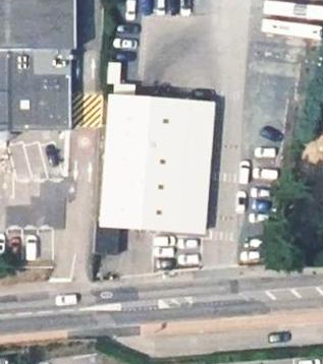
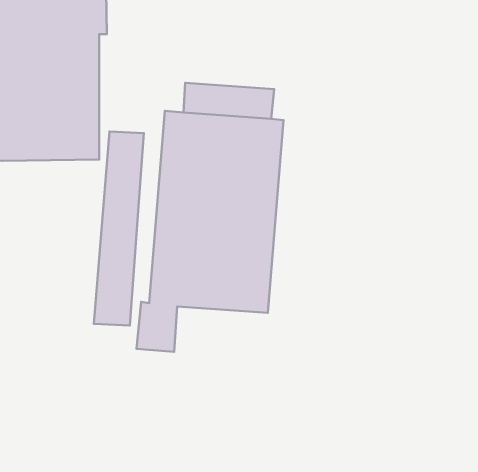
building: [179,103,212,229] -> [94,131,144,325]

